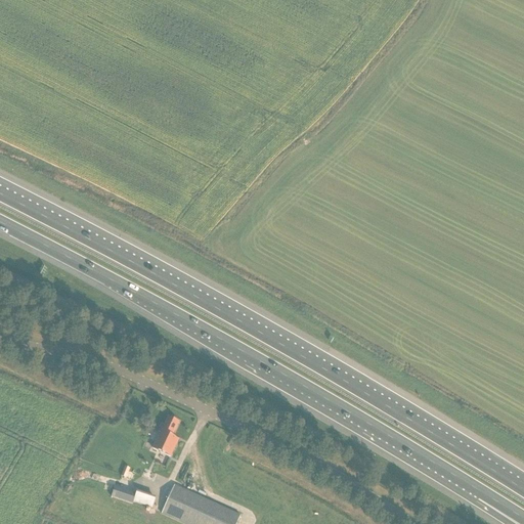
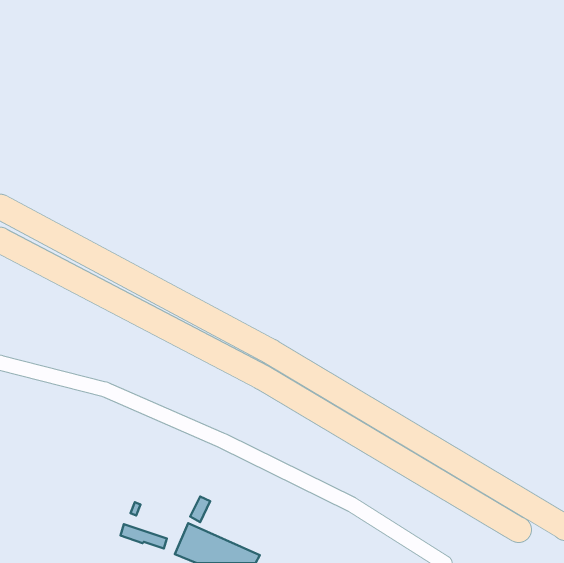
building: [154,417,179,455] -> none

